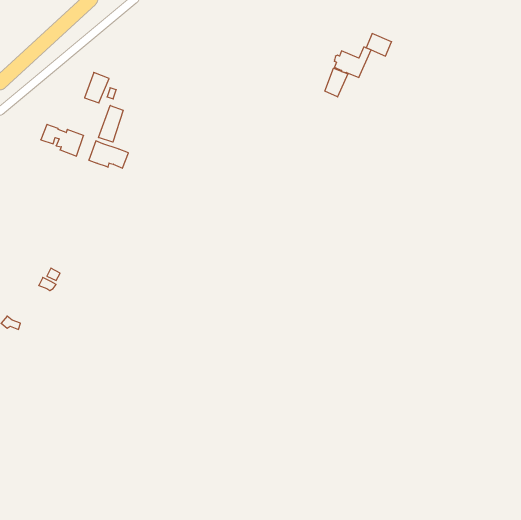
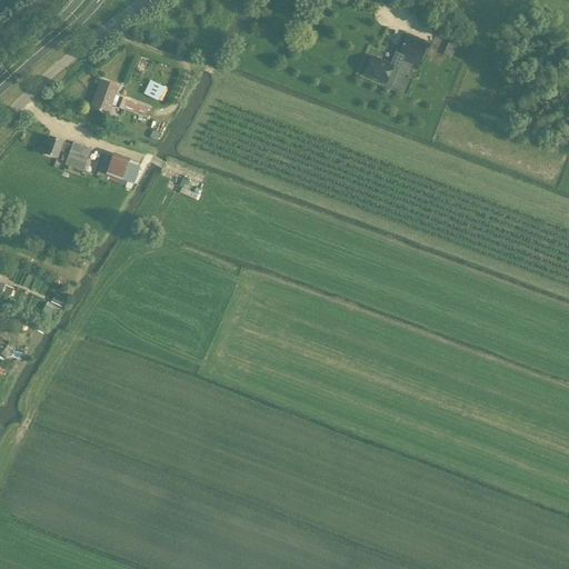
building: [325,68,348,97] -> none
building: [99,105,123,142] -> none

